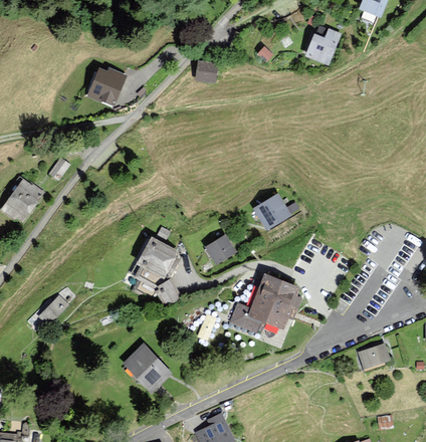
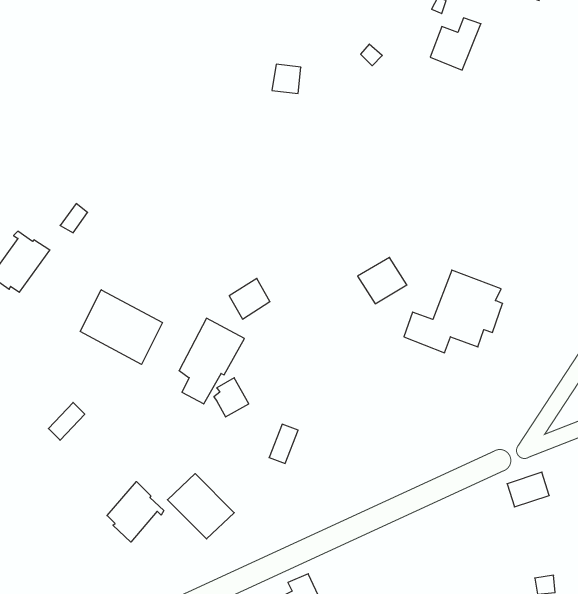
building: [87,68,125,104] -> none
building: none -> [80,290,162,364]
building: [206,235,234,263] -> [229,278,270,319]
building: [231,274,299,332] -> [404,270,503,353]
building: none -> [107,482,164,542]

